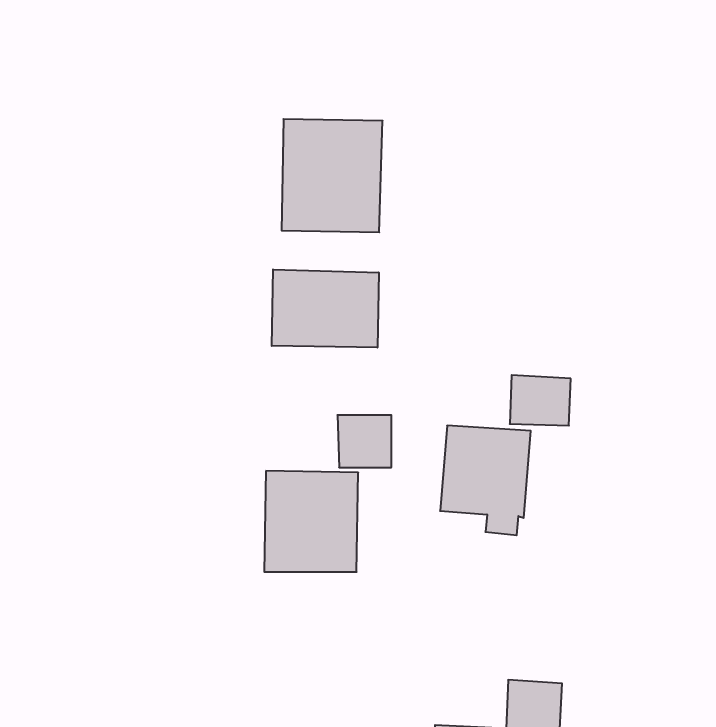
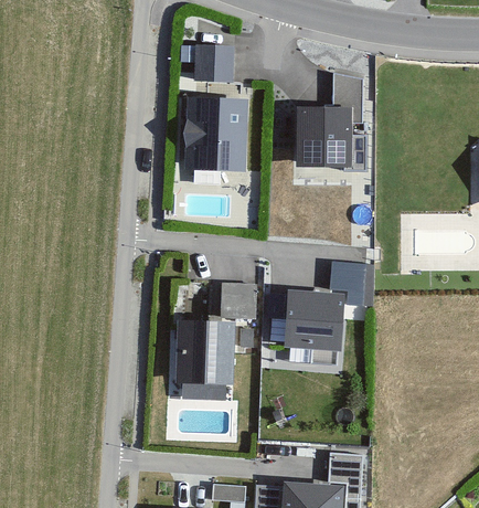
building: none -> [198,47,234,83]
building: none -> [297,77,366,170]
building: [272,269,379,348] -> none

